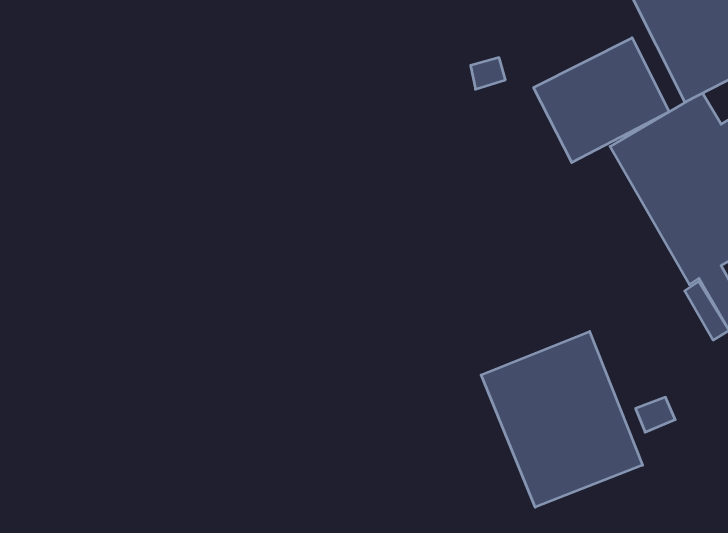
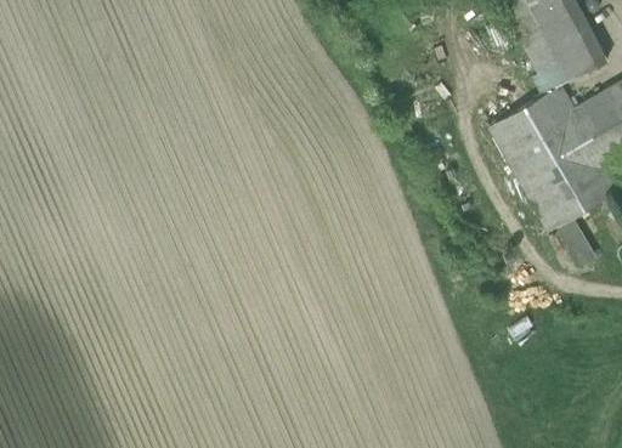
building: [534,38,669,163] -> none
building: [481,331,643,507] -> none

